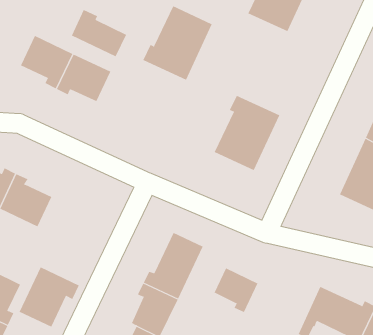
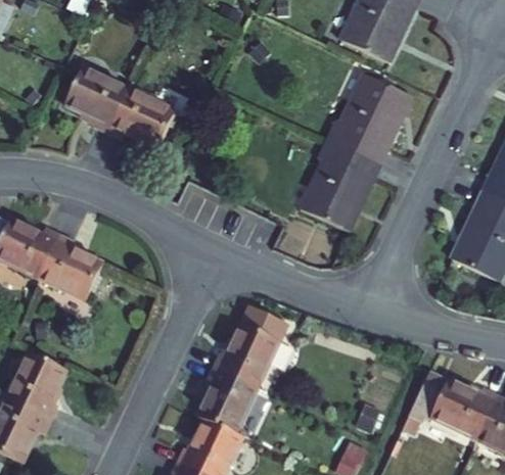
building: [143,5,212,80] -> [327,72,412,162]
building: [71,9,127,57] -> none
building: [19,266,80,328] -> none
building: [214,268,258,313] -> none

